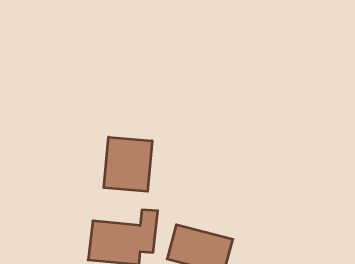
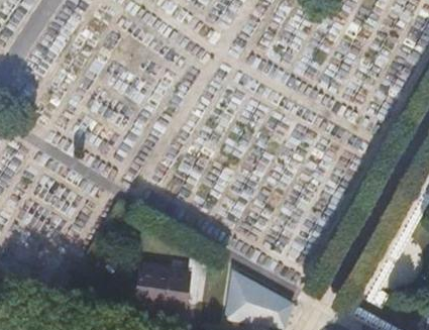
building: [104,137,152,191] -> none

